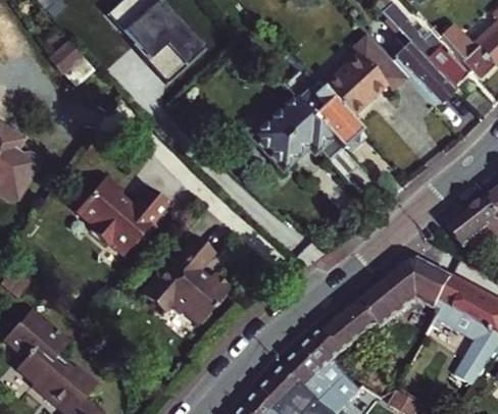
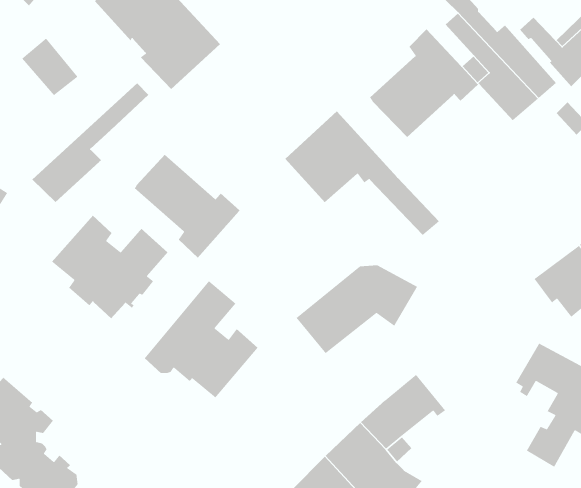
building: none -> [31,83,149,203]
building: [298,88,361,147] -> none
building: none -> [134,154,241,258]
building: [357,259,453,329] -> [296,264,418,354]

